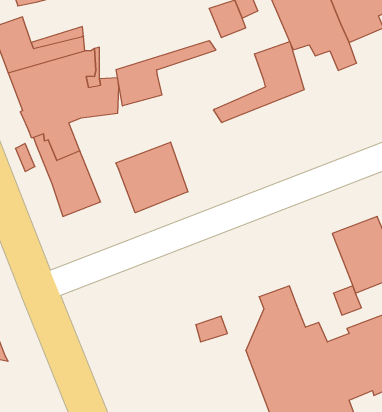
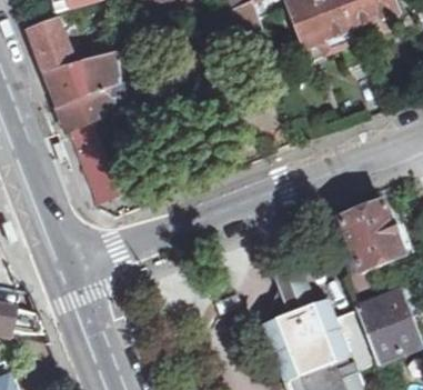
building: [116,41,216,106] -> none
building: [213,42,304,123] -> none
building: [116,142,188,213] -> none

